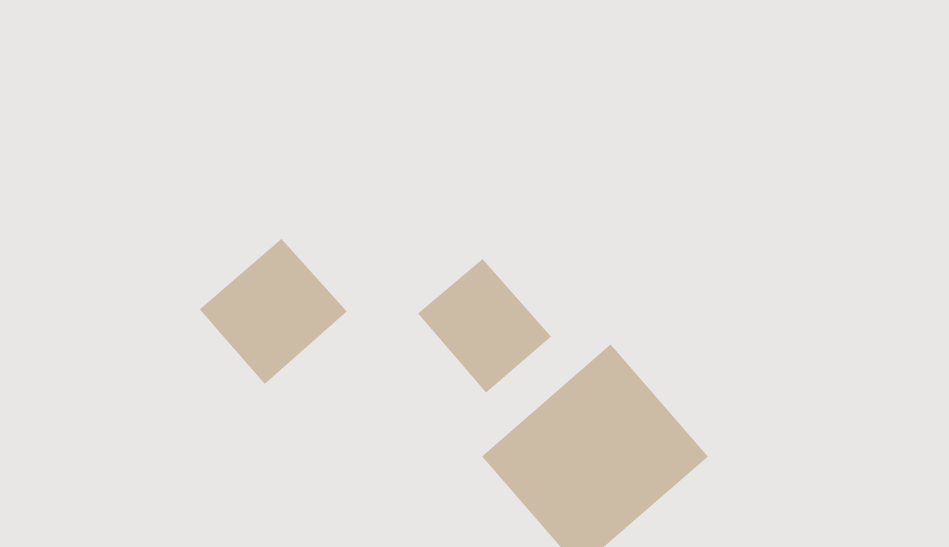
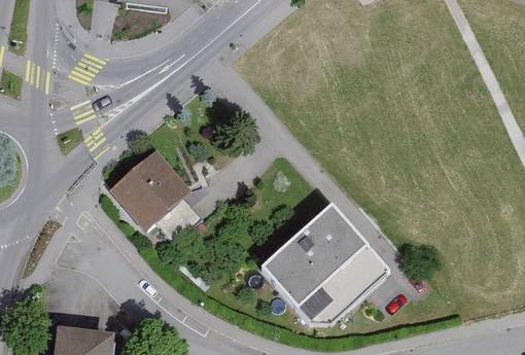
building: [417,258,552,394] -> none

